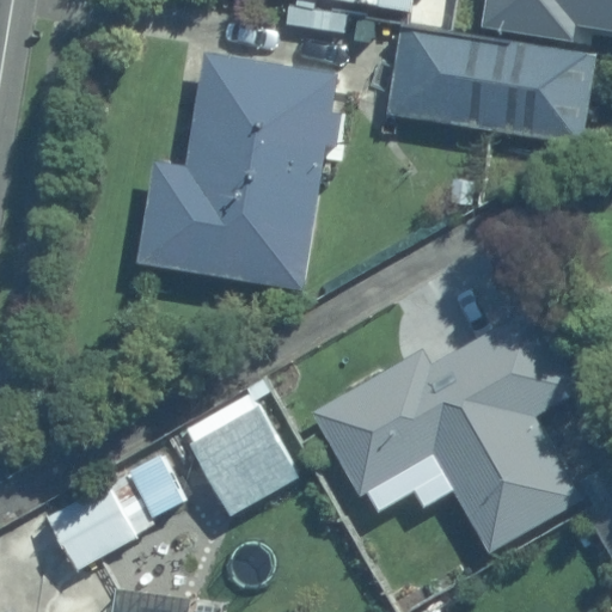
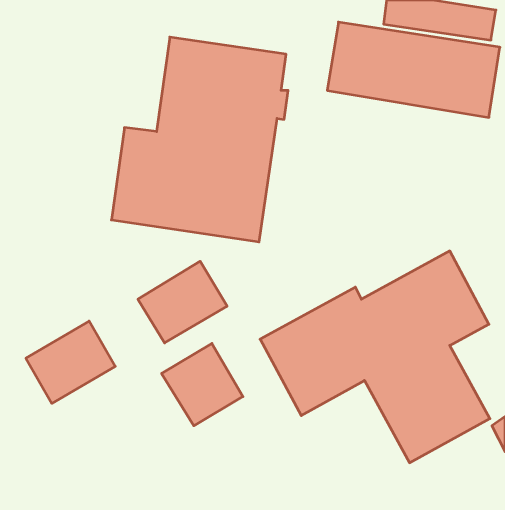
building: none -> [138,261,227,343]
building: [50,473,157,571] -> [26,321,115,403]

